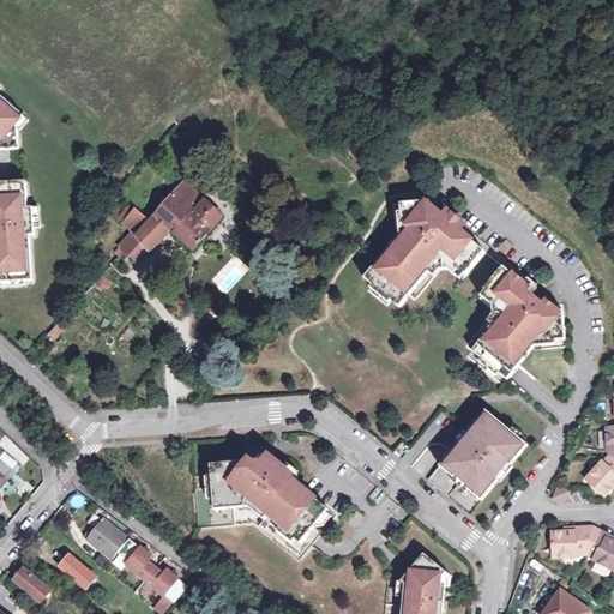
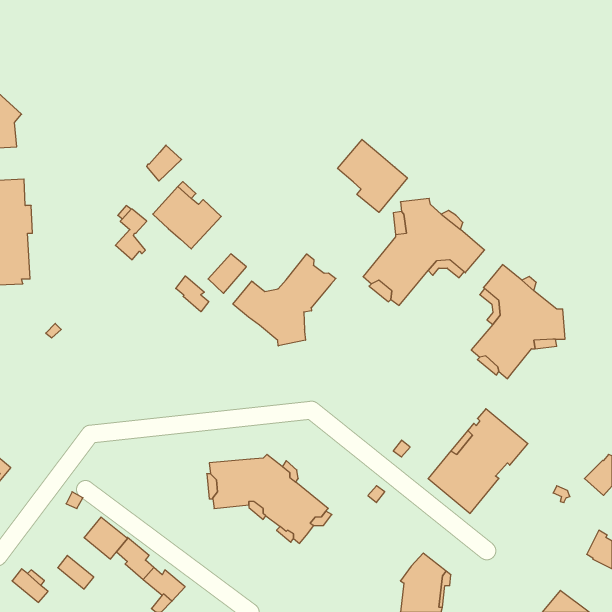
building: none -> [338,139,407,212]
building: [133,213,168,249] -> [147,145,182,181]
building: none -> [233,254,336,346]
building: none -> [176,276,209,312]
building: [549,525,597,555] -> none

